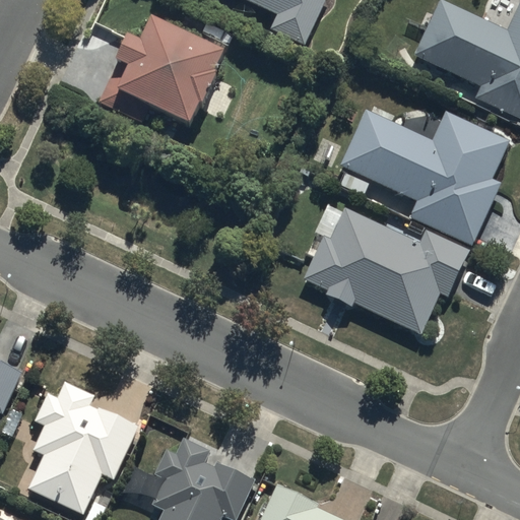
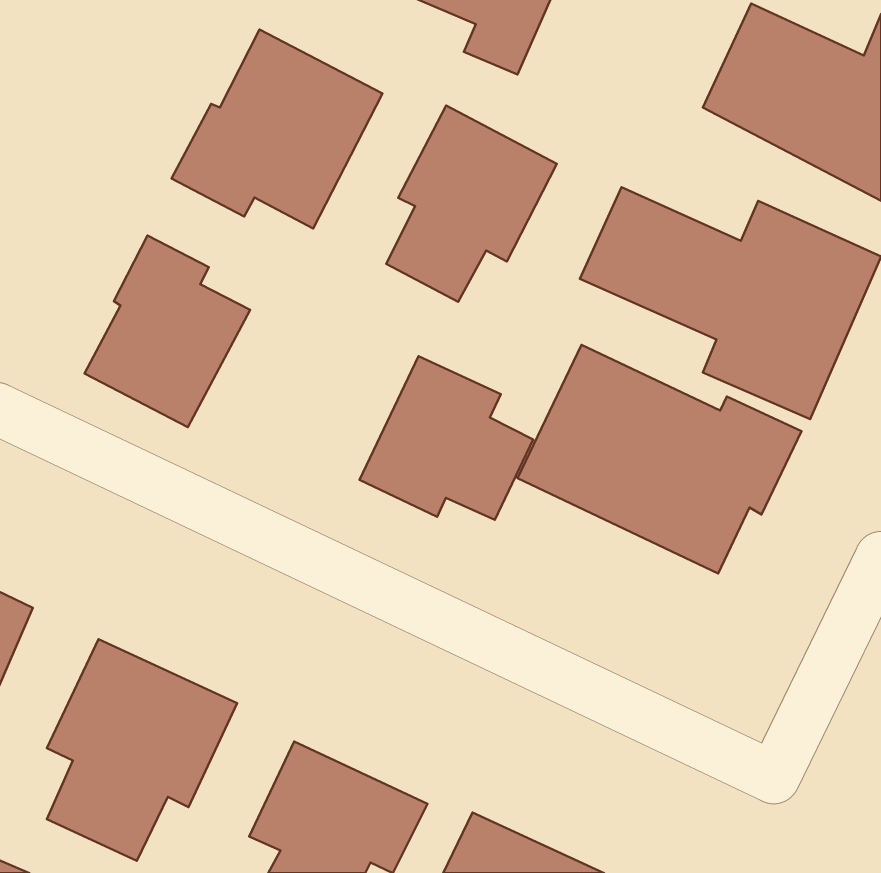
building: none -> [386,105,557,302]
building: none -> [85,235,250,427]
building: none -> [359,356,533,520]

